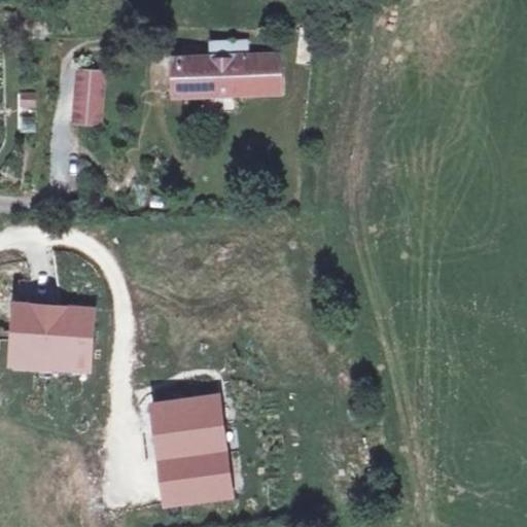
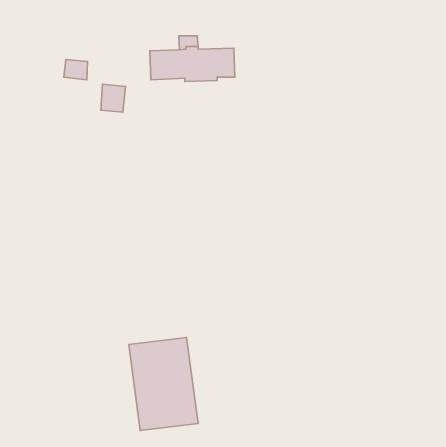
building: [73,91,102,124] -> [101,84,125,112]
building: [10,305,91,368] -> none

